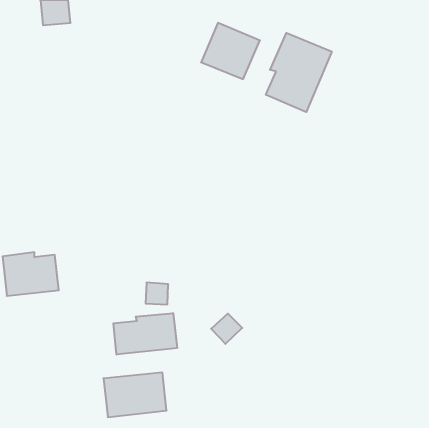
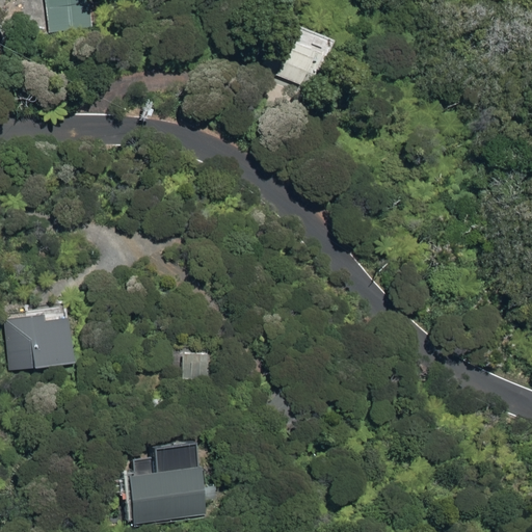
building: [266,33,332,112] -> none
building: [113,313,177,355] -> none

